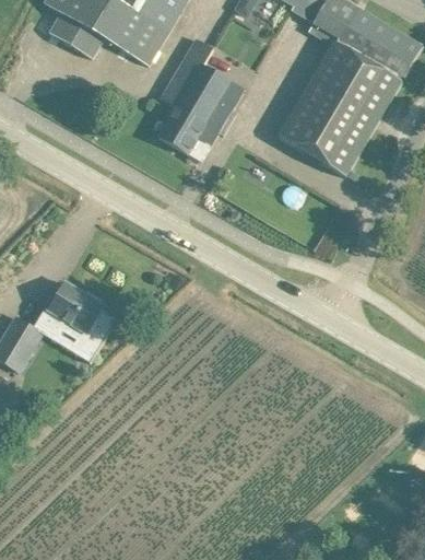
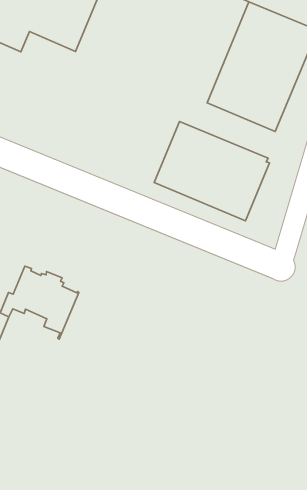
building: [160,33,244,160] -> none
building: none -> [154,122,269,221]

